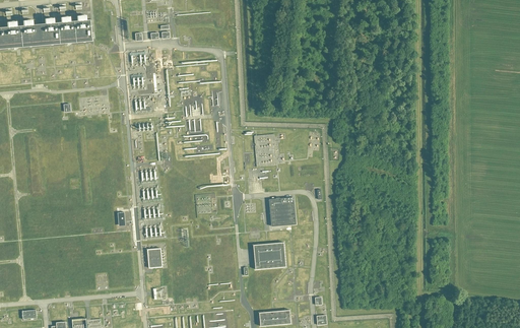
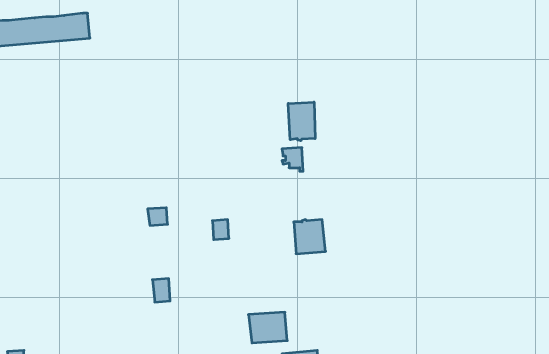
building: none -> [288,102,315,141]
building: [251,243,284,269] -> [248,312,287,343]

